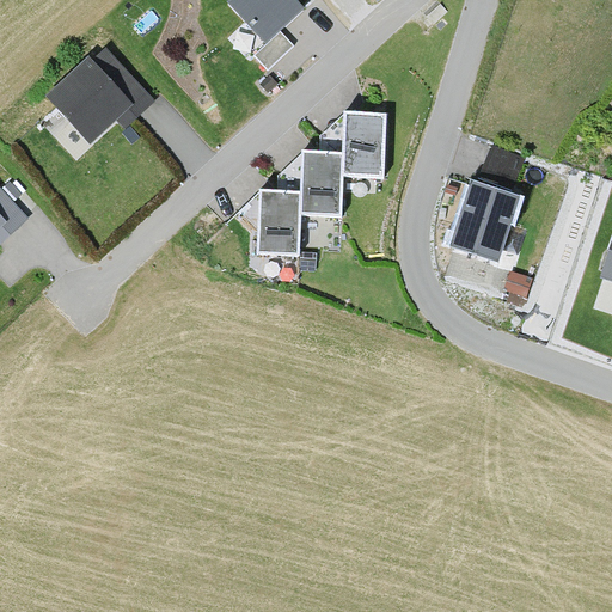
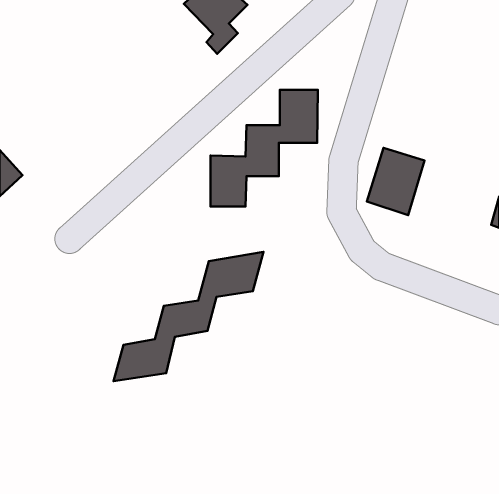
building: [43,42,157,143] -> none
building: none -> [114,252,264,381]

